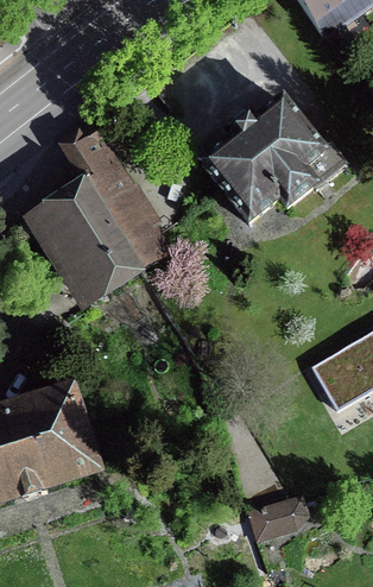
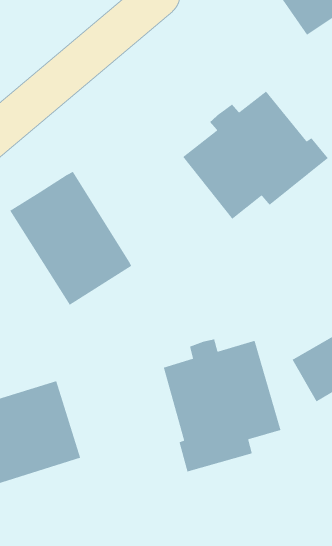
building: [57,121,173,267] -> none
building: none -> [163,339,281,473]
building: [249,498,304,538] -> none

